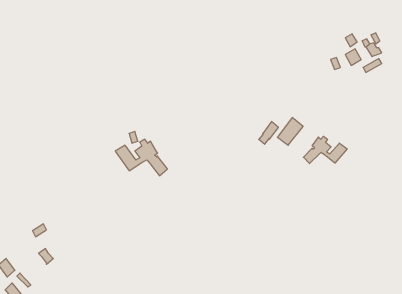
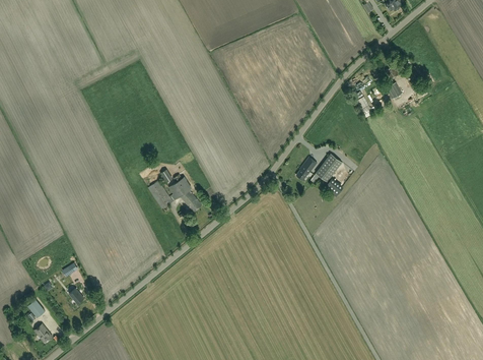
building: [303,136,347,164] -> none

